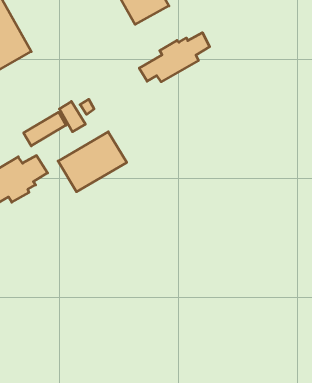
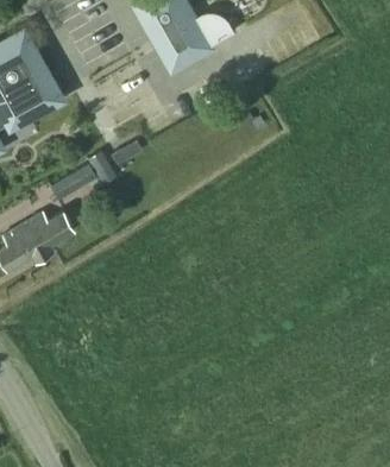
building: [139,33,210,82] -> none
building: [58,132,127,192] -> none

